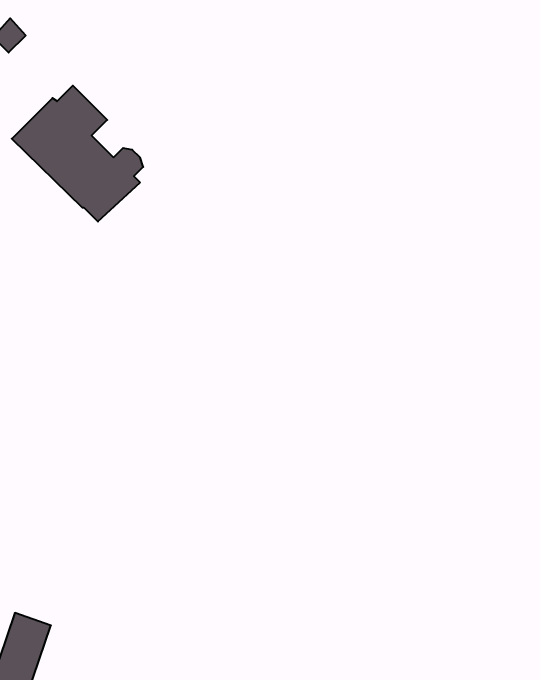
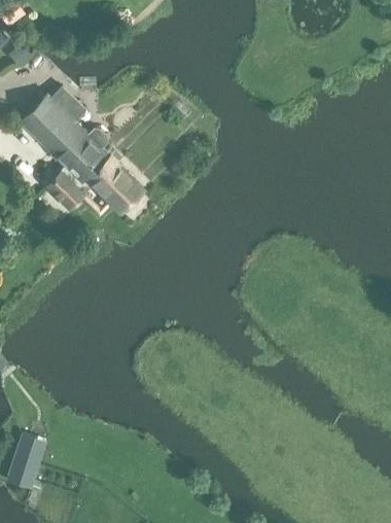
building: none -> [47,151,143,211]

